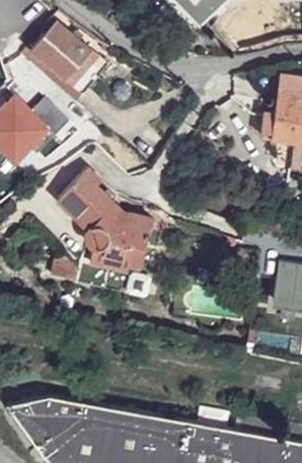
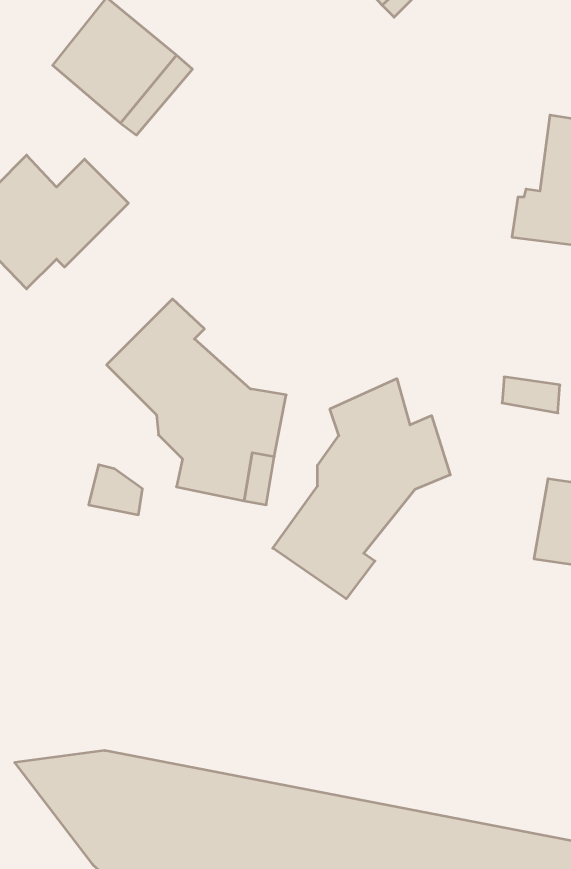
building: none -> [273,379,450,599]

